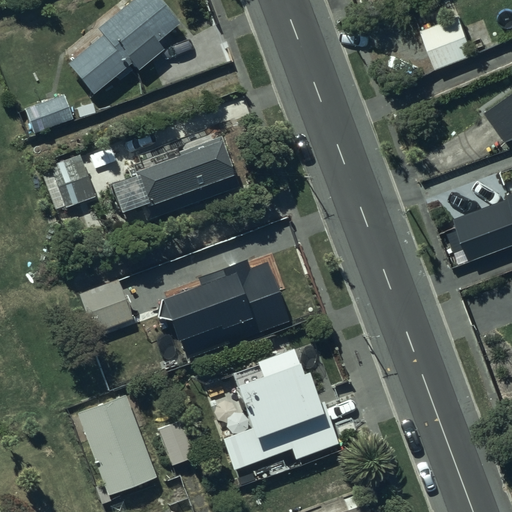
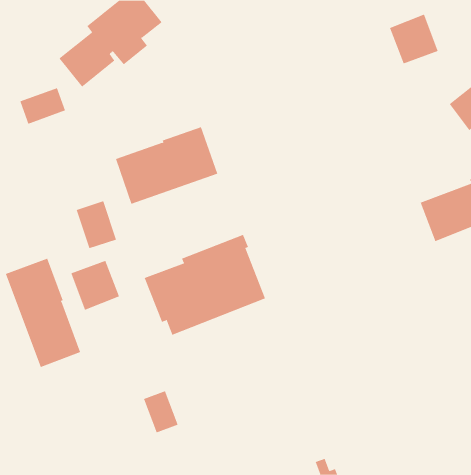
building: [50,155,94,207] -> [76,201,117,249]
building: none -> [5,258,81,368]
building: [221,347,339,471] -> none
building: [77,394,157,496] -> none

